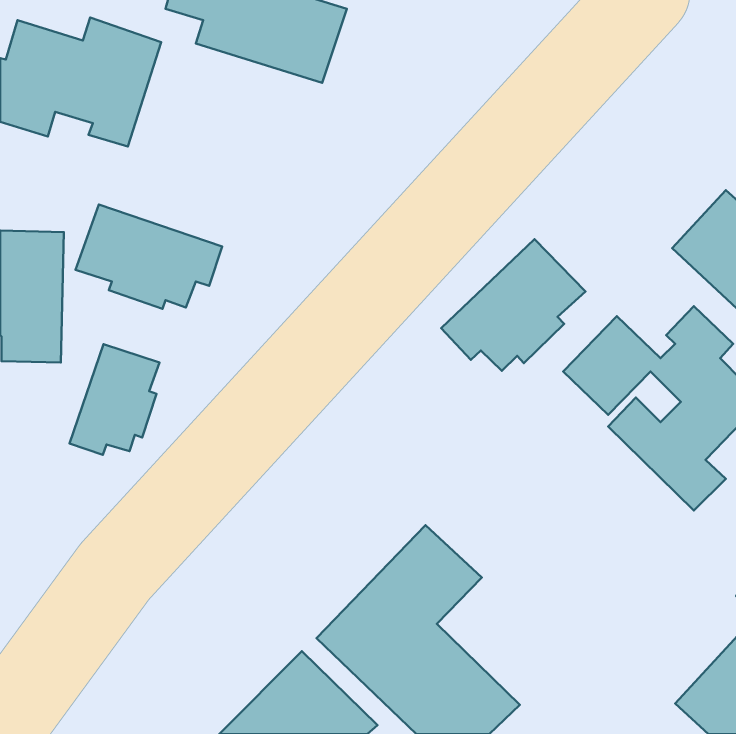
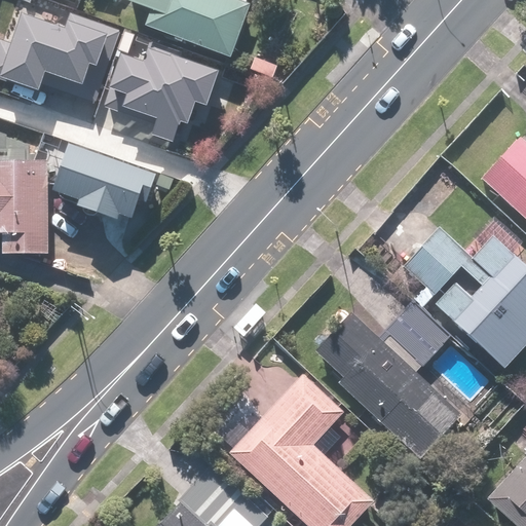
building: none -> [107,40,215,142]
building: [441,239,585,371] -> none
building: [70,344,160,455] -> none
building: none -> [310,297,460,457]

